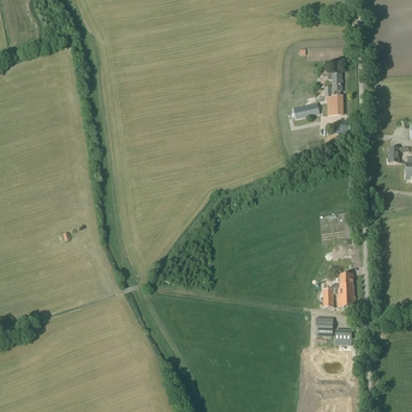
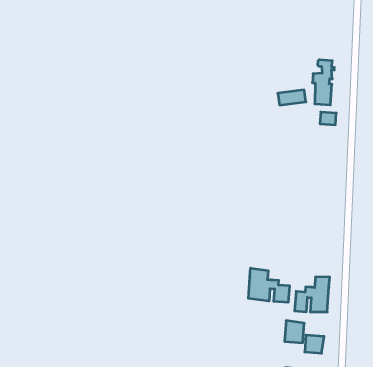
building: none -> [248,268,289,302]

